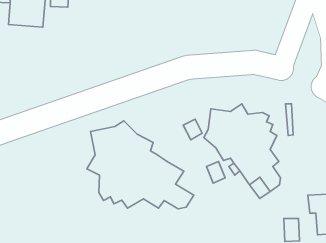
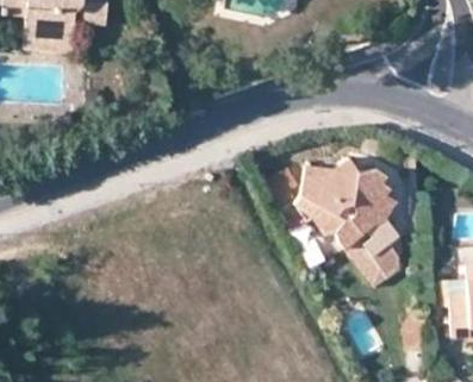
building: [87,121,194,209] -> none

